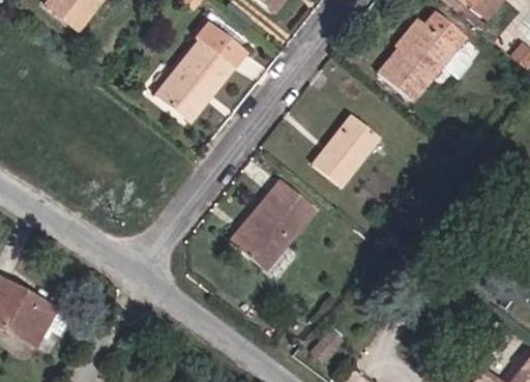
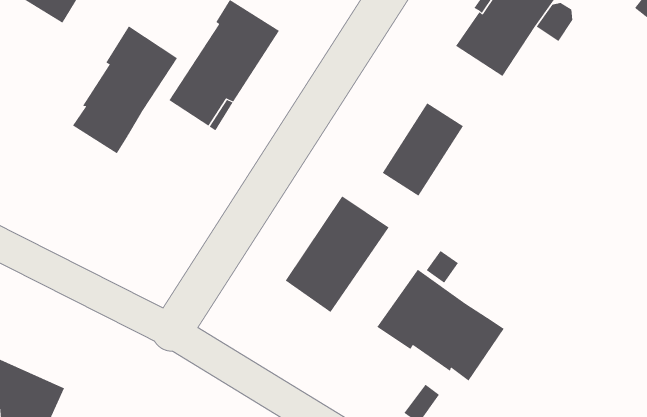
building: none -> [72,25,178,154]
building: none -> [377,269,505,381]

